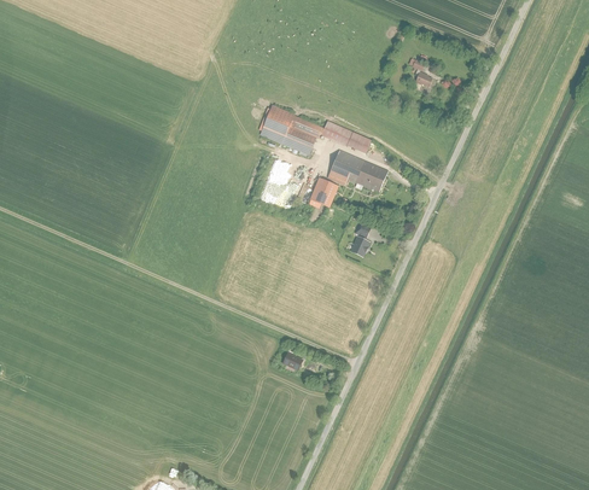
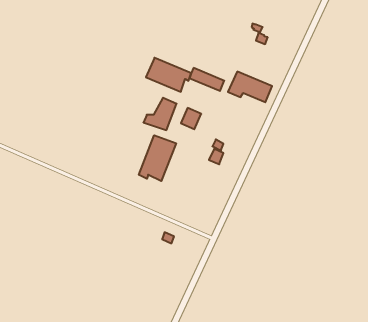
building: [326,148,389,192] -> [228,72,272,102]
building: none -> [139,135,176,181]

